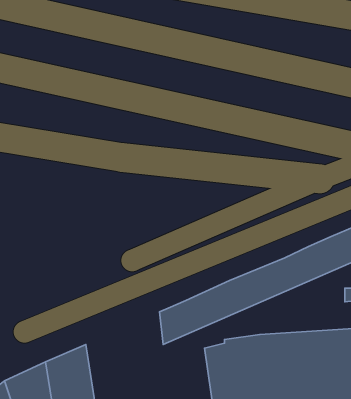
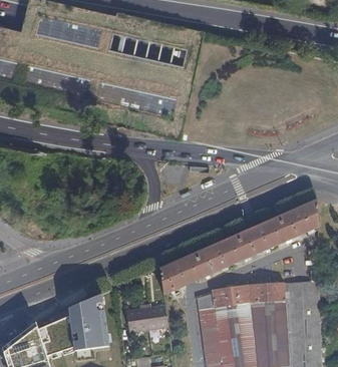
building: none -> [126,305,167,332]

